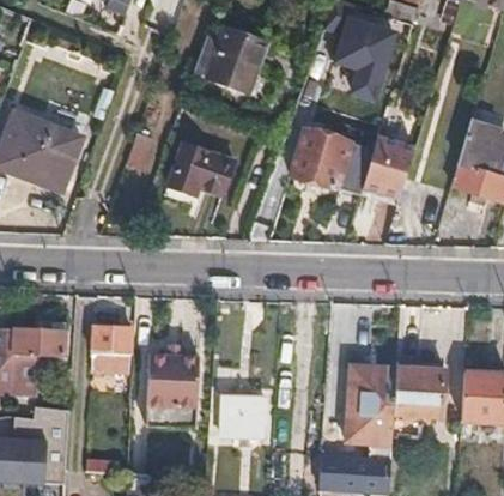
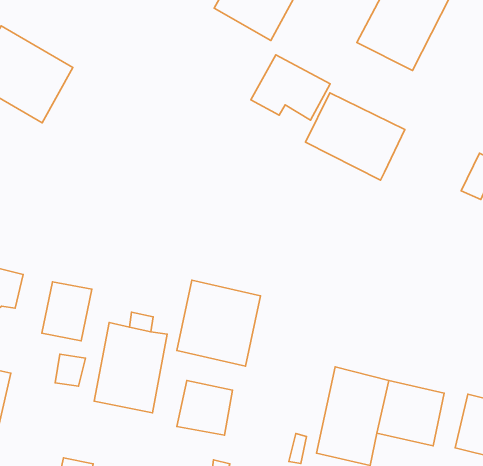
building: [363,137,415,199] -> none
building: [169,144,235,195] -> [251,55,330,120]
building: none -> [177,280,261,366]

